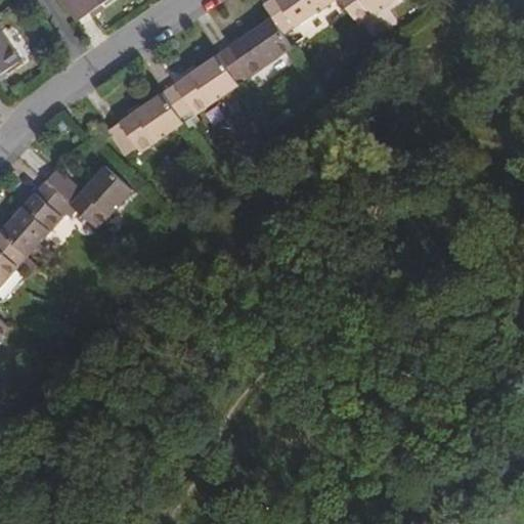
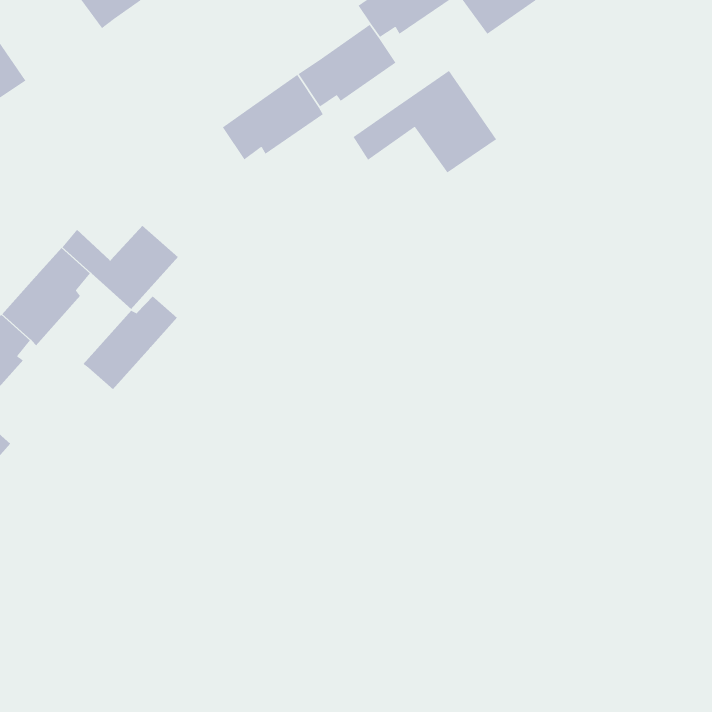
building: none -> [353,70,497,174]
building: [107,93,182,155] -> none
building: none -> [82,295,178,390]

